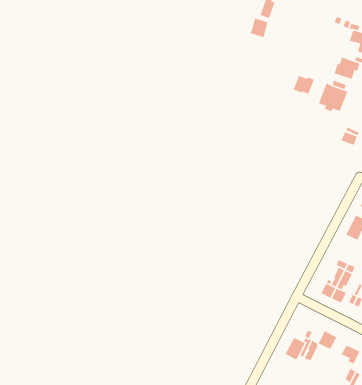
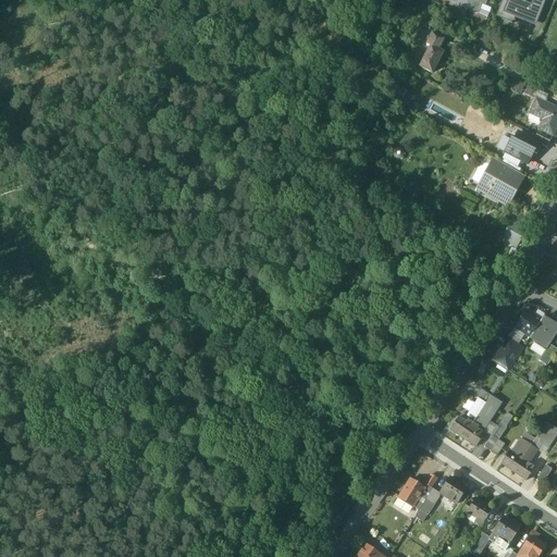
building: [250,18,269,38] -> none
building: [292,75,315,95] -> none

